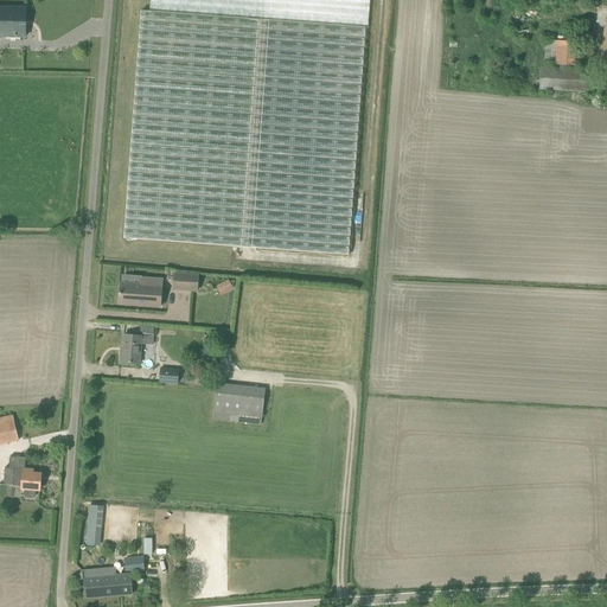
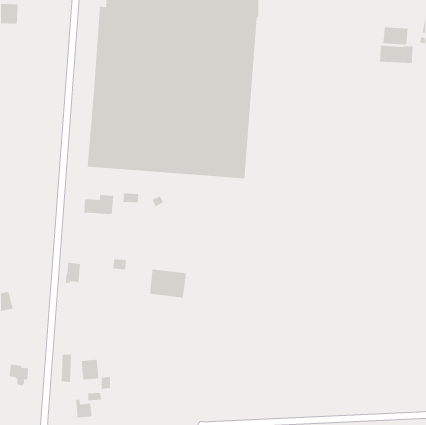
building: [120,333,142,363] -> [65,262,81,283]
building: [13,466,41,497] -> [9,364,29,386]
building: [83,567,109,596] -> [81,359,99,380]

